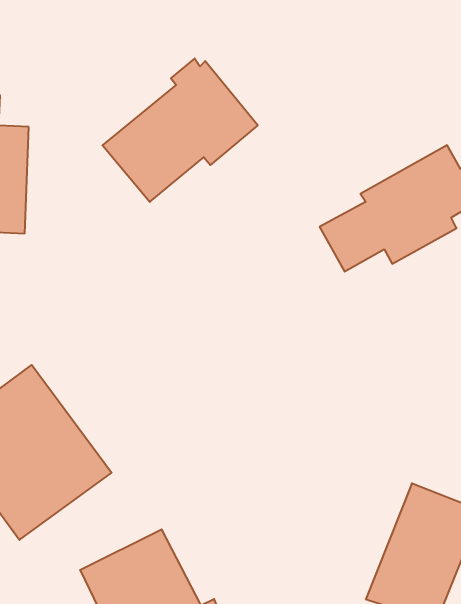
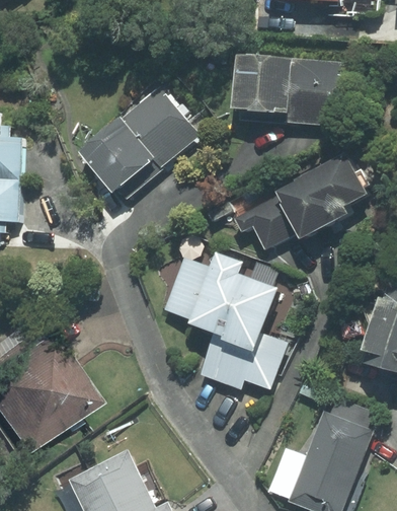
building: none -> [235,53,341,128]
building: none -> [160,244,292,391]

